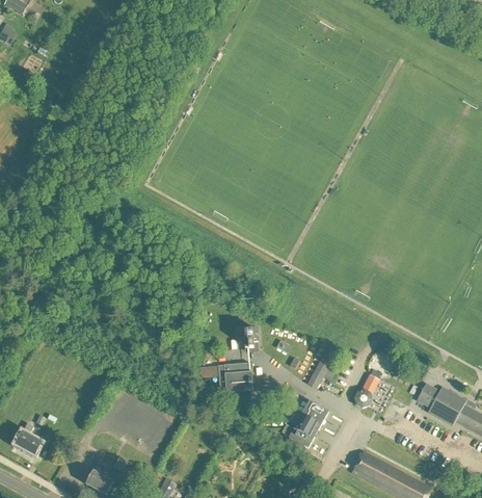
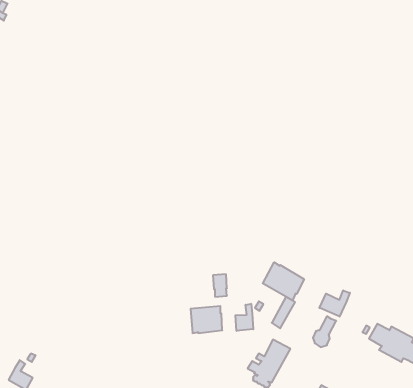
building: none -> [263,262,304,300]
building: none -> [319,290,350,317]
building: none -> [235,304,253,331]

